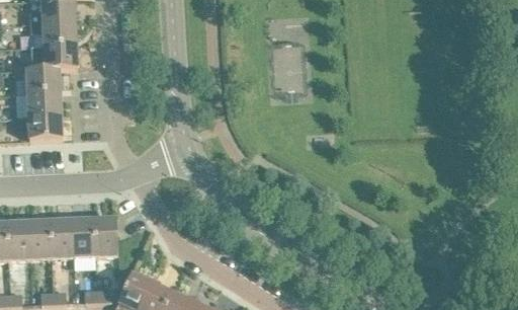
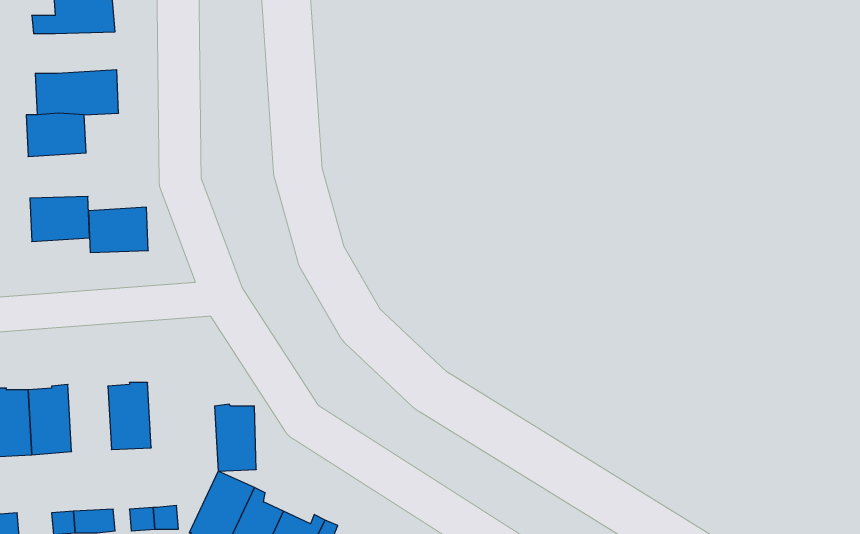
building: [29,22,76,46] -> none
building: [26,90,60,115] -> [88,207,148,252]
building: [93,218,116,255] -> [215,404,256,471]
building: [49,220,73,257] -> none

